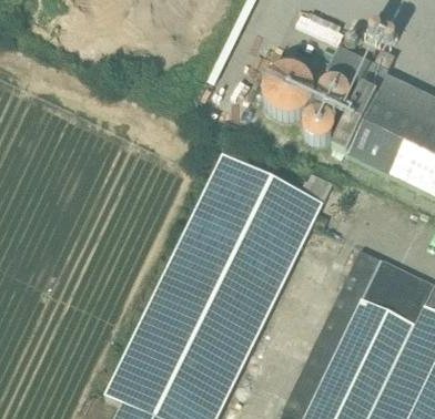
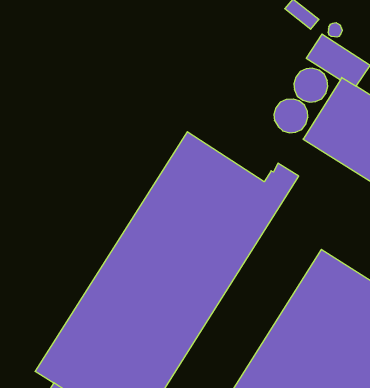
building: [263,67,315,119] -> none

